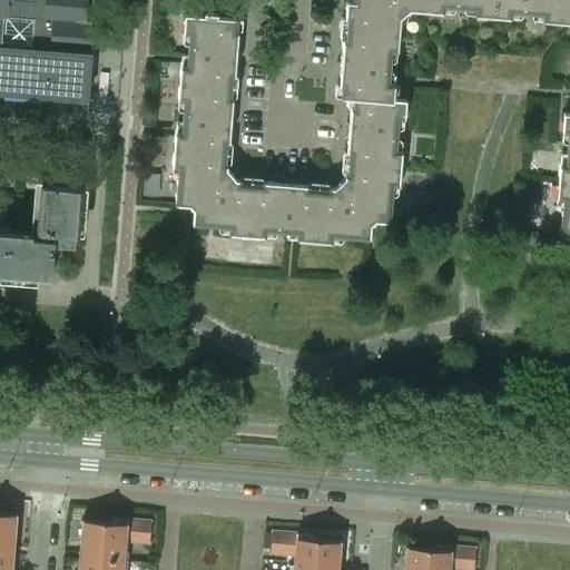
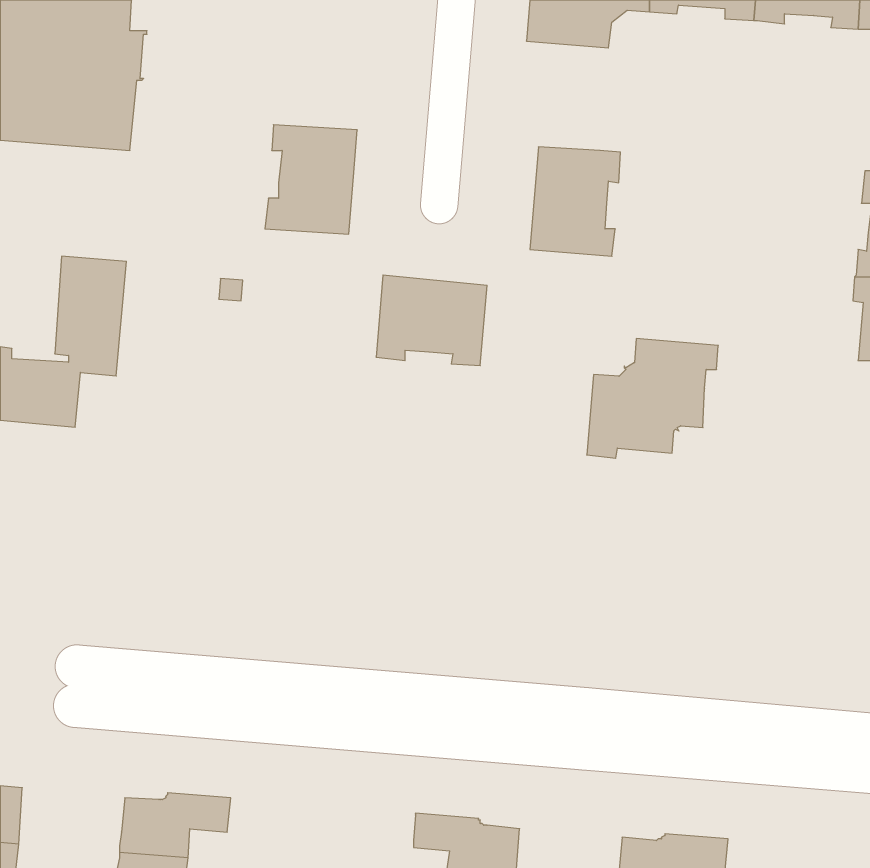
building: [180,16,239,88] -> none
building: [340,30,399,101] -> none
building: [174,153,252,236] -> none
building: [315,166,401,244] -> [587,339,718,458]

